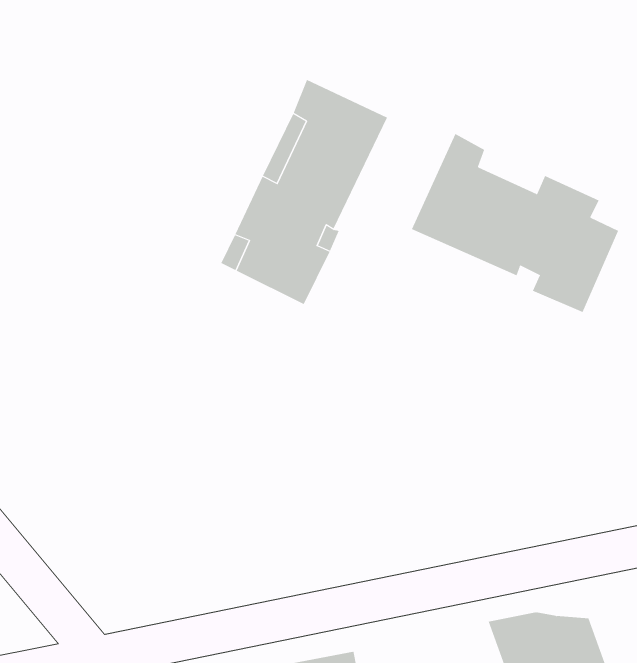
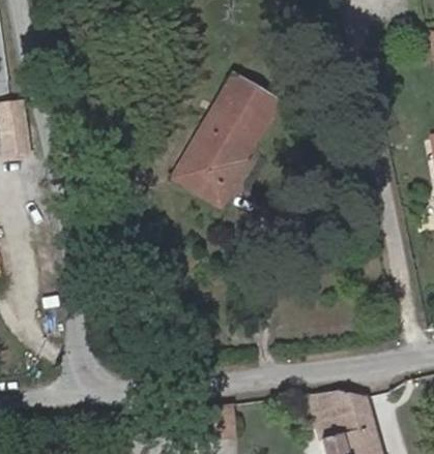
building: [411,133,619,313] -> none

